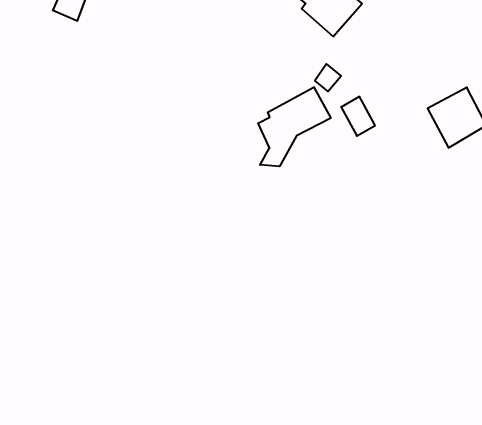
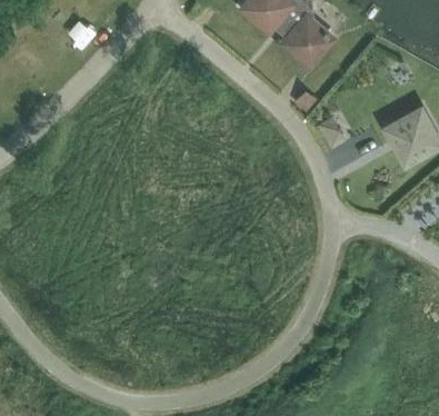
building: [258,87,331,166] -> none

